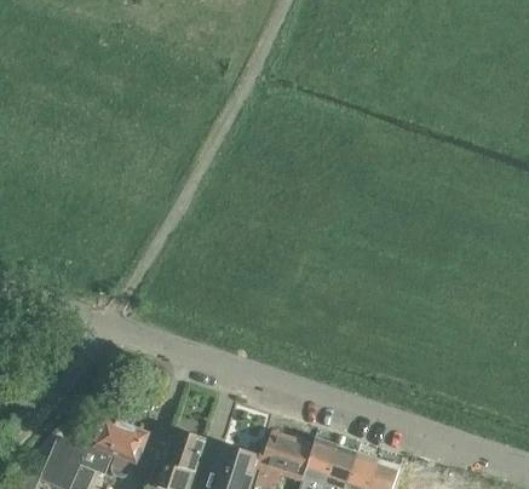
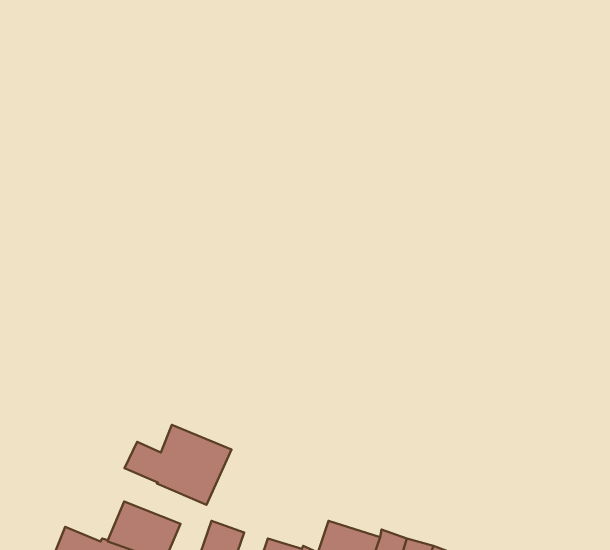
building: none -> [125,425,231,505]

